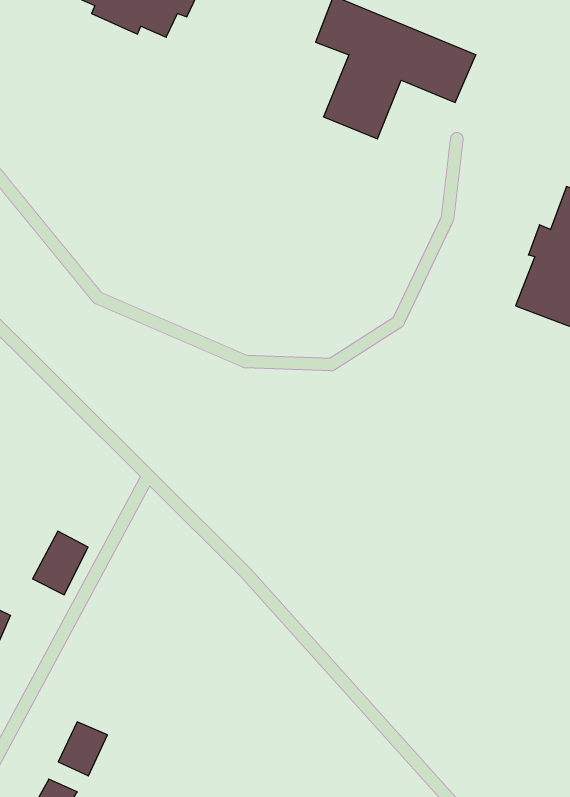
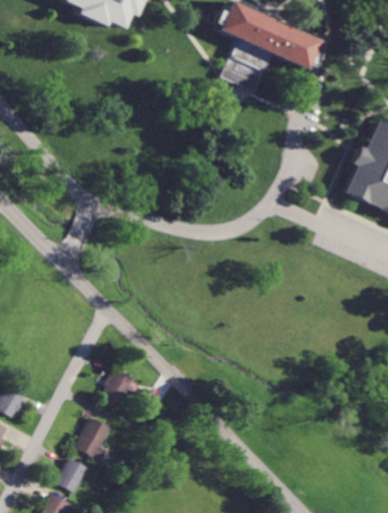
building: [33,531,88,595] -> [100,368,135,408]
building: none -> [75,417,110,461]

